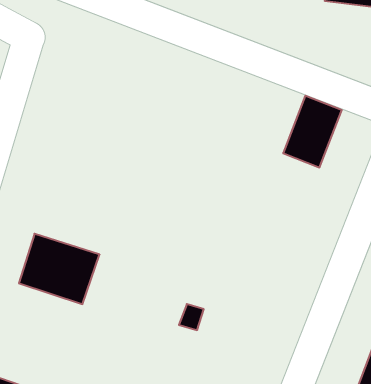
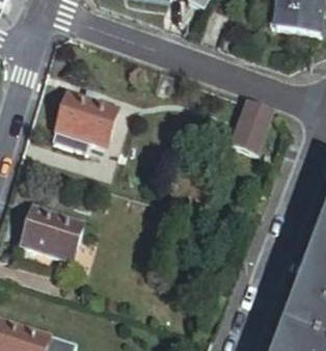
building: none -> [53,89,119,147]

